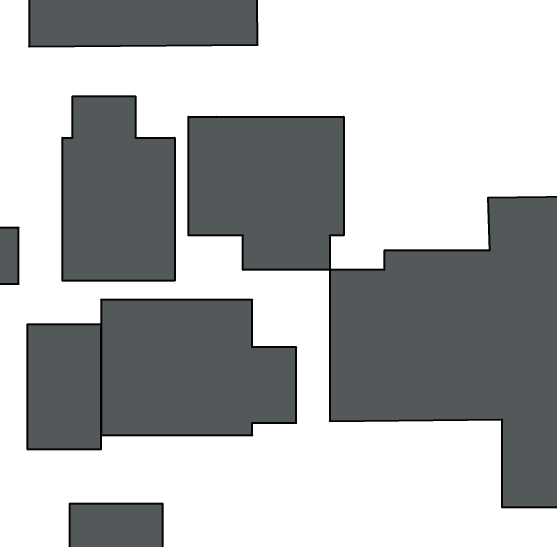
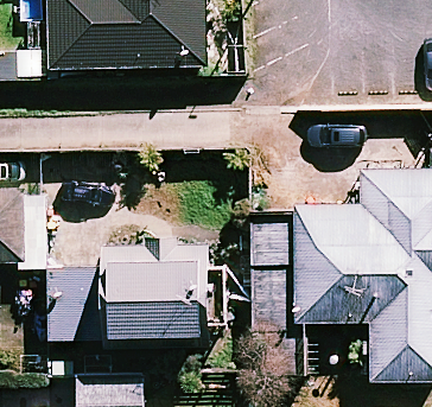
building: [62,96,175,281] -> none
building: [188,117,344,270] -> none

